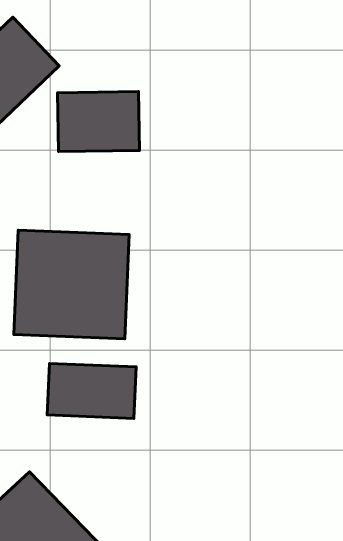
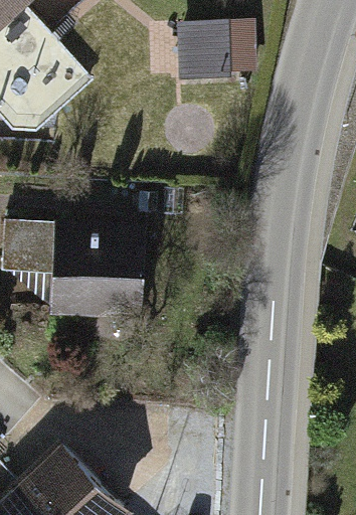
building: [57,92,140,152] -> [177,21,251,75]
building: [47,363,136,418] -> none

